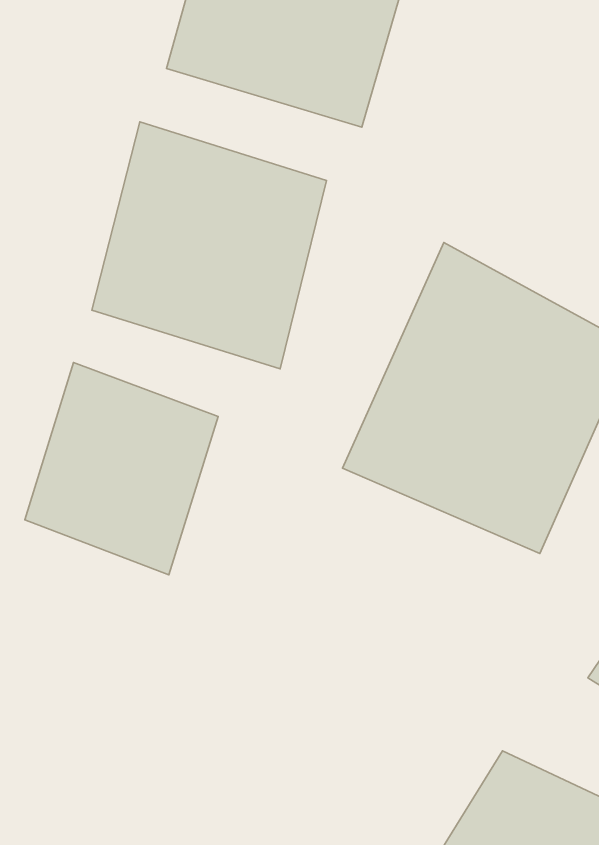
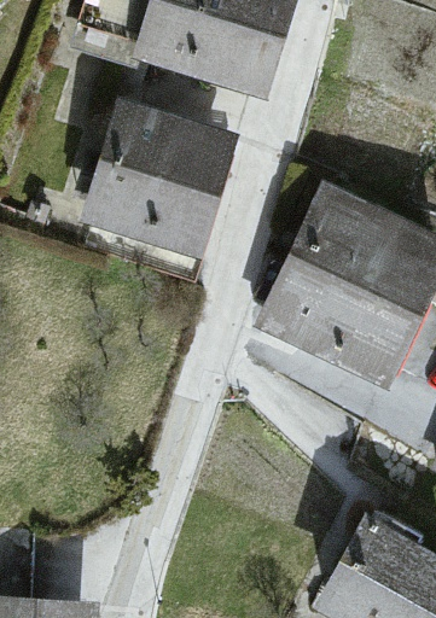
building: [25,362,218,575] -> none

